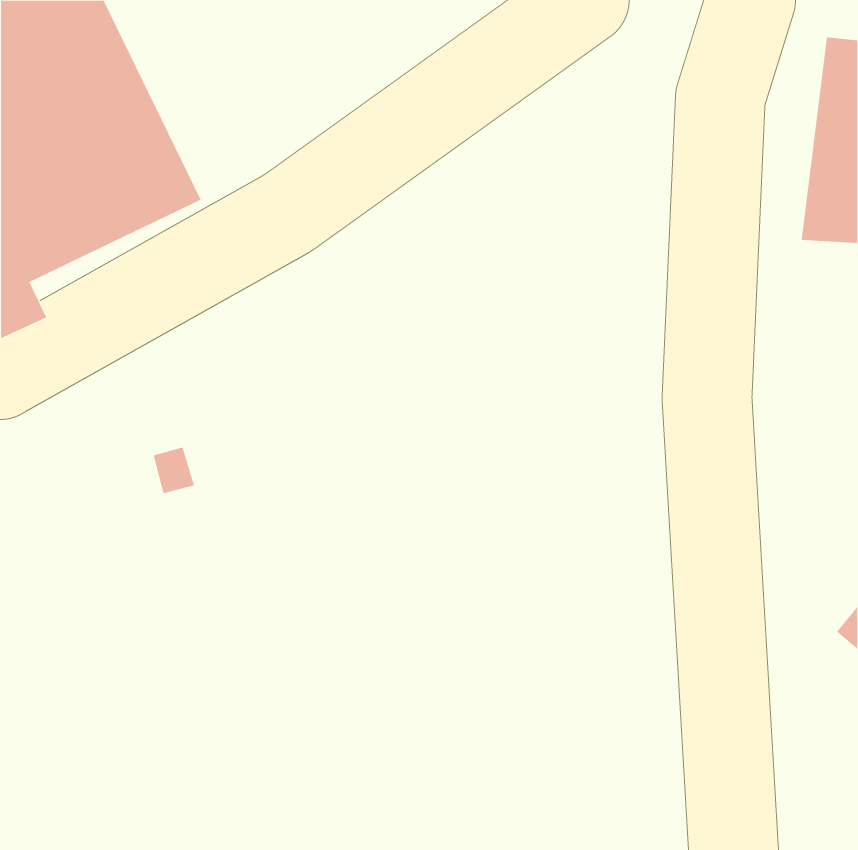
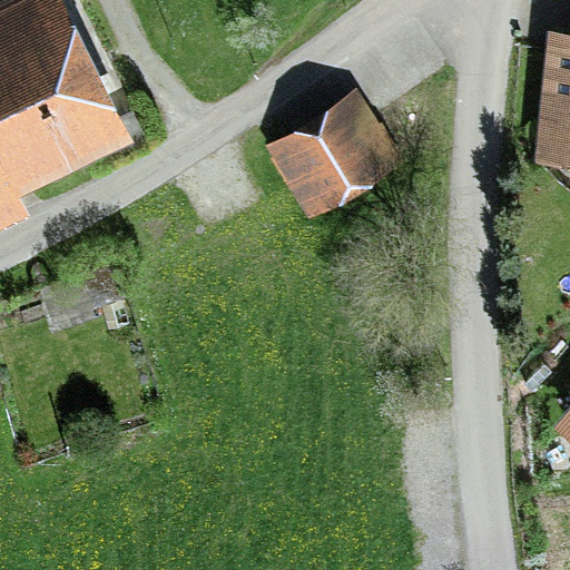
building: none -> [264,90,402,223]

